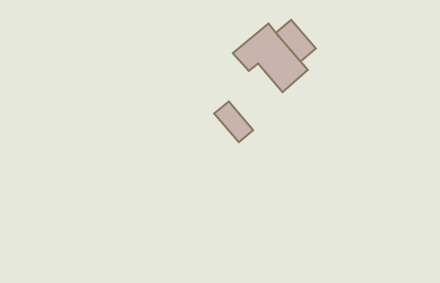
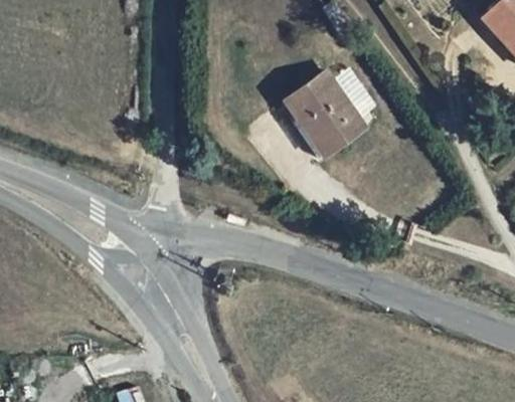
building: [214,102,253,142] -> [292,114,332,159]

